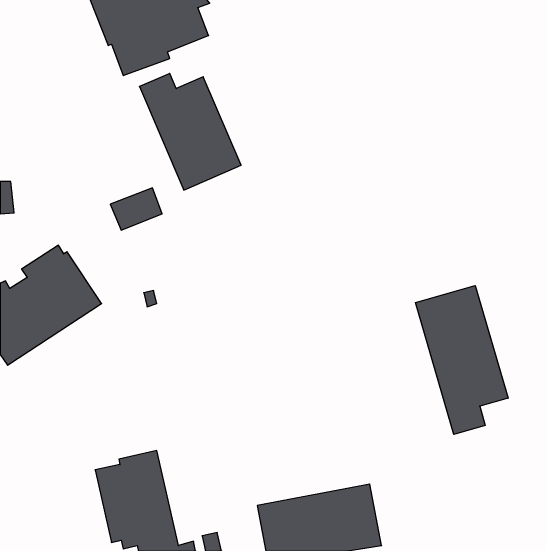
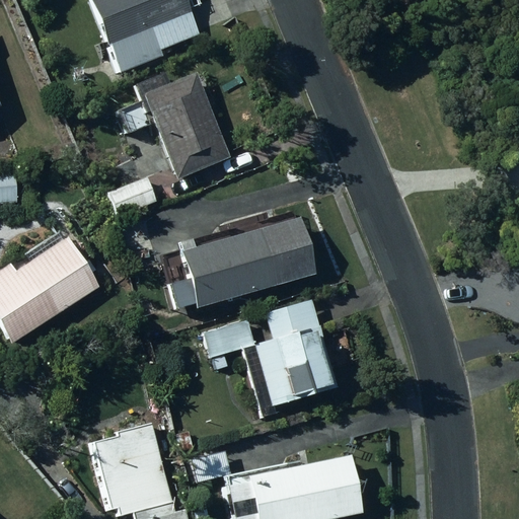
building: none -> [166,217,316,307]
building: [415,286,508,434] -> none
building: none -> [205,299,338,418]

